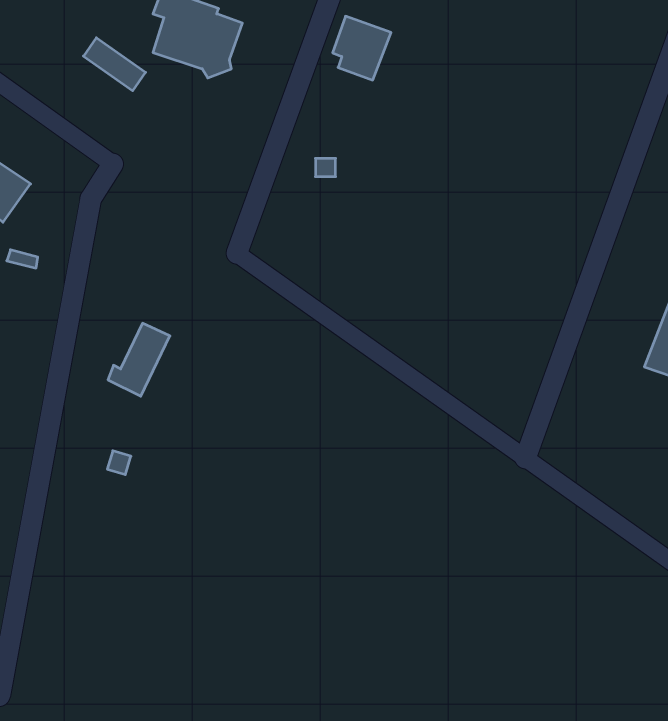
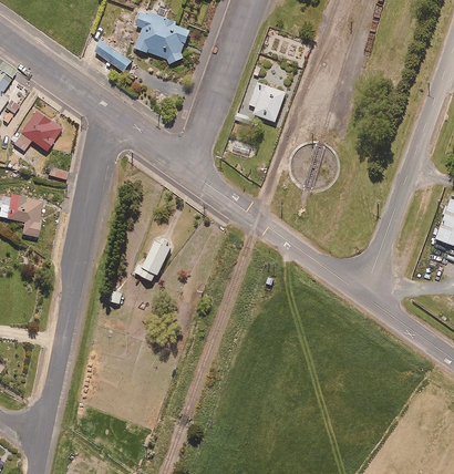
building: [333,16,391,80] -> [249,82,285,121]
building: [108,323,170,396] -> [135,237,173,281]

